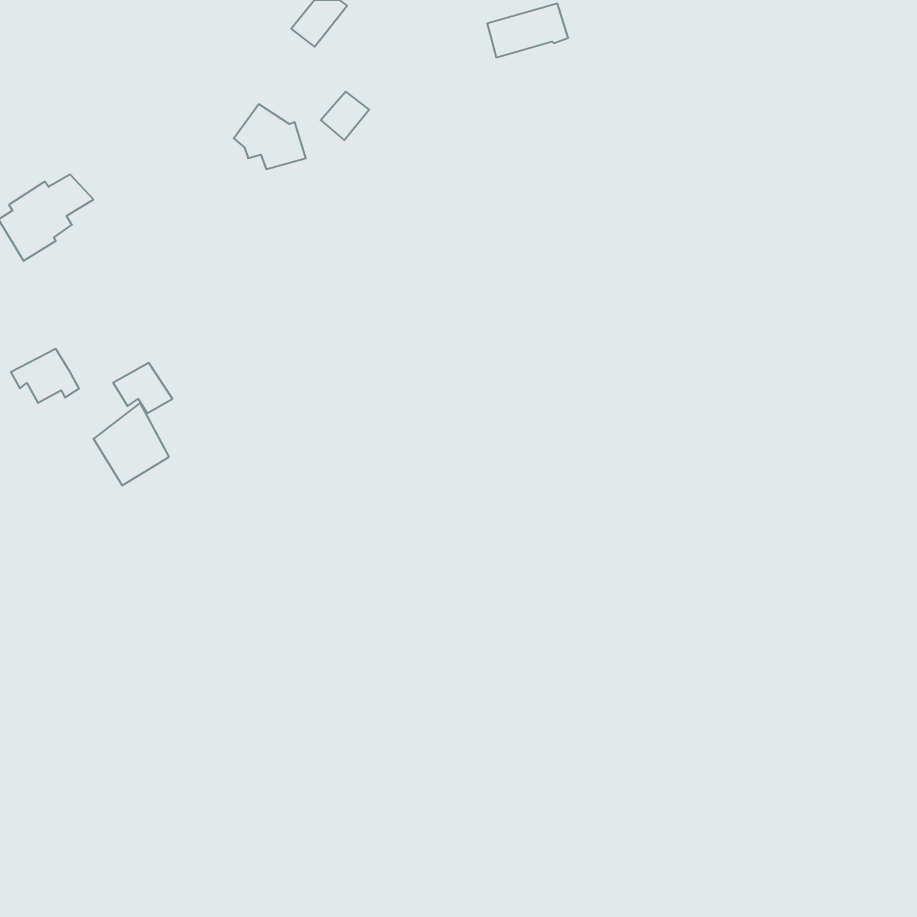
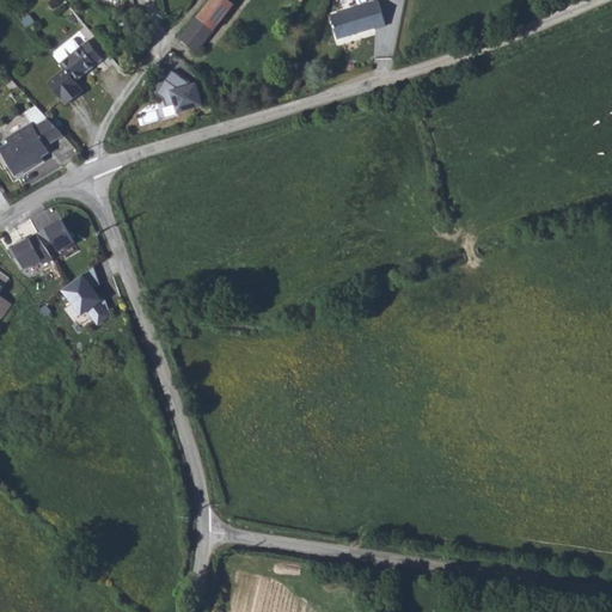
building: none -> [47,41,102,105]
building: [321,92,369,140] -> [177,20,209,53]
building: [113,363,172,413] -> [37,220,76,253]

